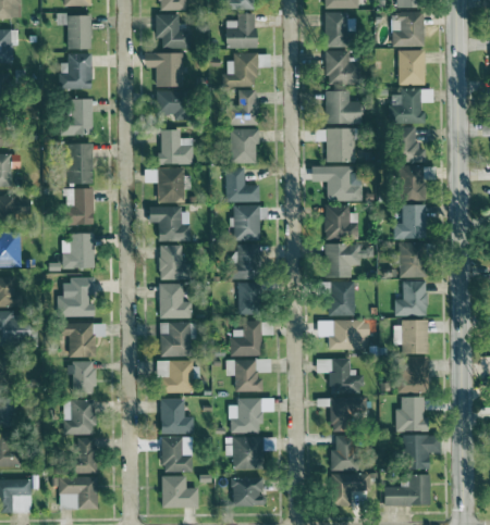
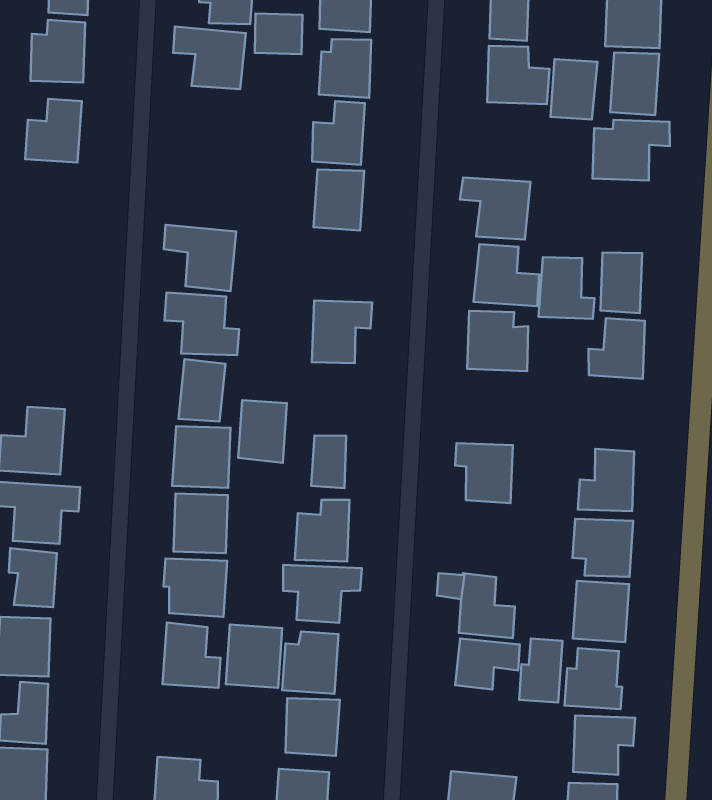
building: [156,90,184,114] -> [255,13,302,54]
building: [326,90,351,124] -> [551,59,597,120]
building: [393,126,425,162] -> [539,257,594,319]
building: [158,129,195,164] -> none
building: [68,143,93,183] -> none
building: [226,167,260,202] -> none
building: [64,188,94,225] -> none
building: [63,233,94,268] -> none
building: [324,242,359,277] -> none
building: [401,242,424,277] -> none
building: [232,245,258,279] -> [238,400,287,463]
building: [330,320,369,350] -> none
building: [331,435,354,471] -> [519,639,562,702]
building: [162,437,193,472] -> [226,625,282,688]

